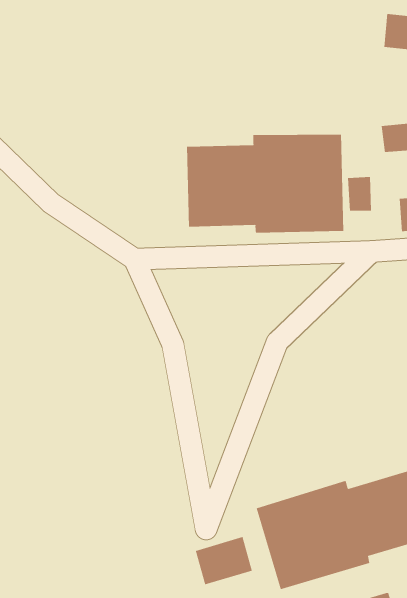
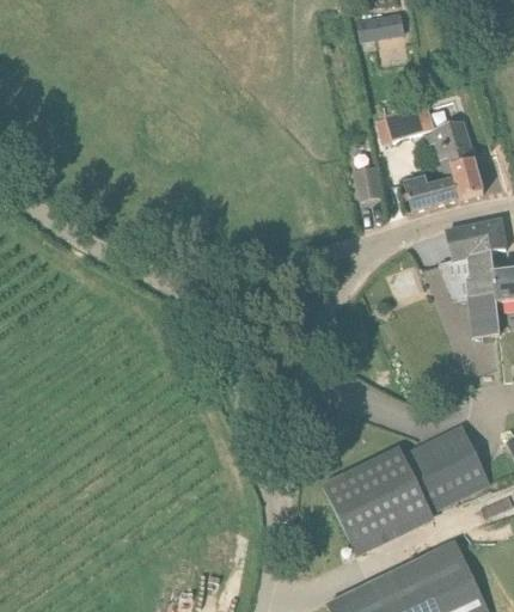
building: [187,134,344,234] -> none
building: [195,536,252,585] -> none

